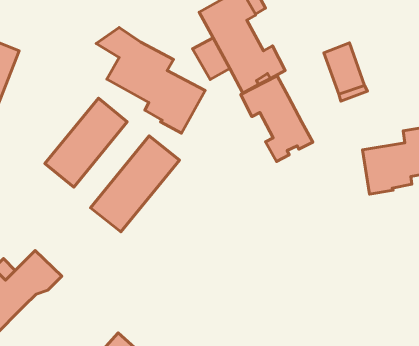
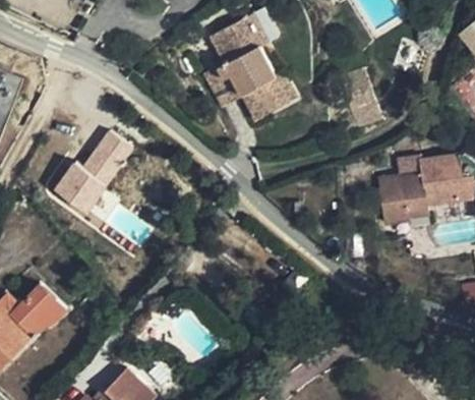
building: [96,27,205,133] -> none
building: [241,76,313,162] -> none
building: [91,136,179,232] -> none

